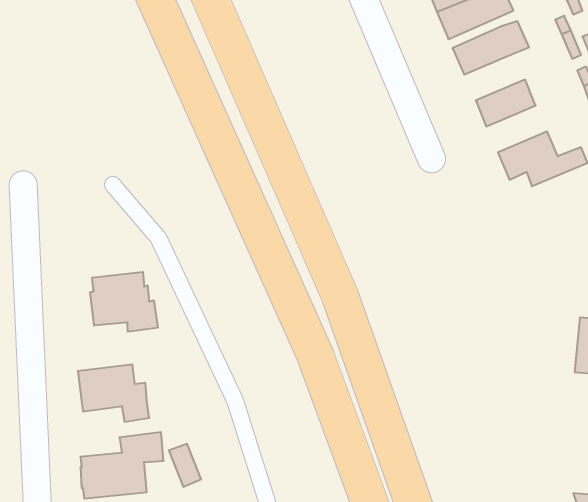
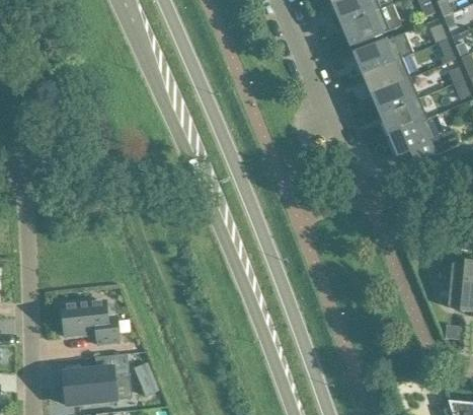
building: none -> [362,58,409,94]
building: none -> [379,98,426,135]
building: [90,272,158,332] -> none

